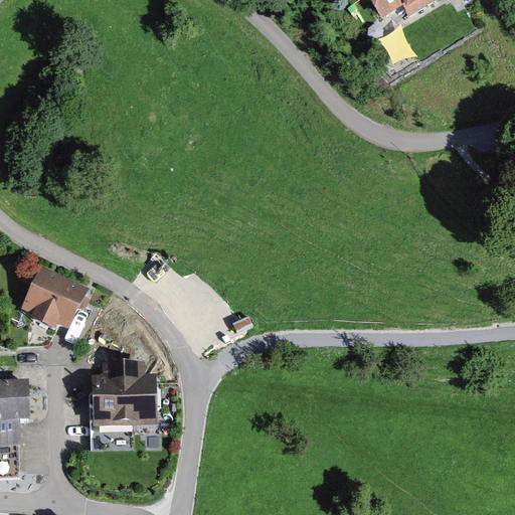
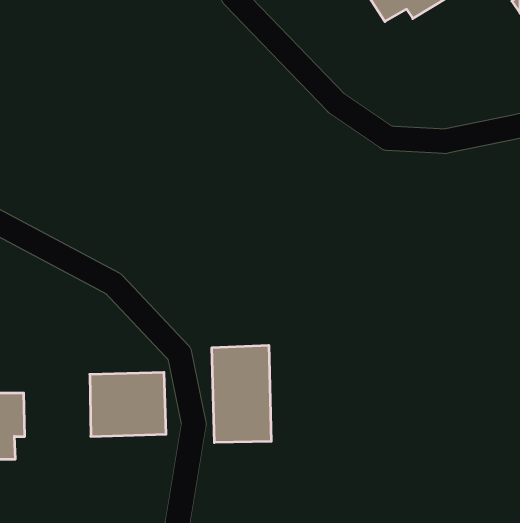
building: [20,264,88,327] -> none
building: none -> [212,345,271,443]

